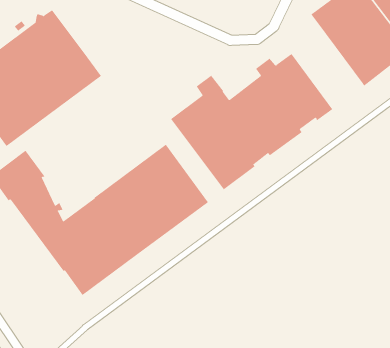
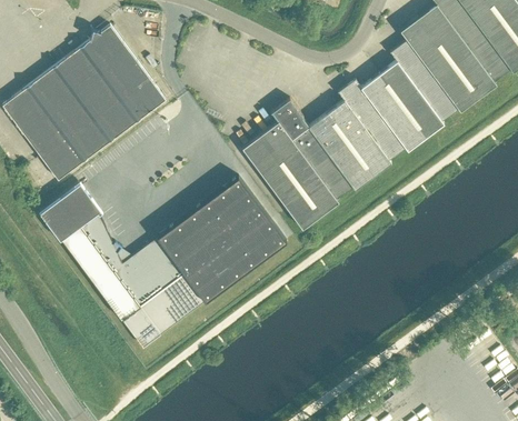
building: none -> [379,40,458,138]

